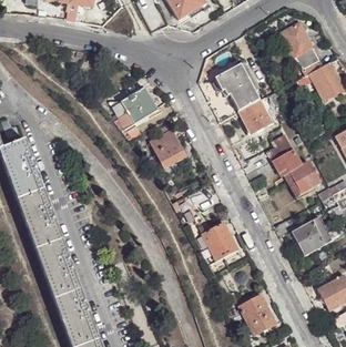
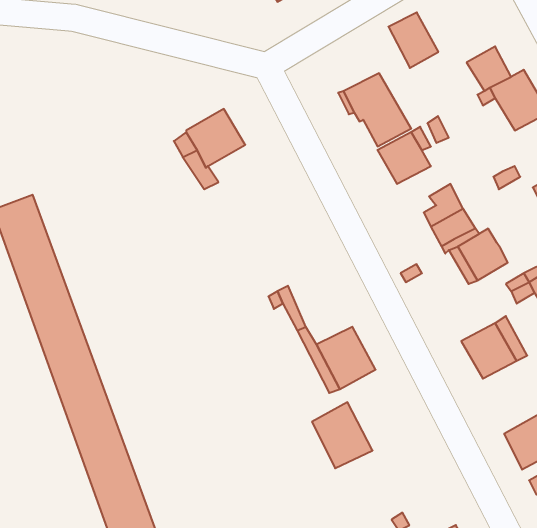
building: [282,23,313,58] -> [388,12,438,68]
building: [151,130,186,169] -> none
building: [240,293,277,334] -> [312,402,373,468]

